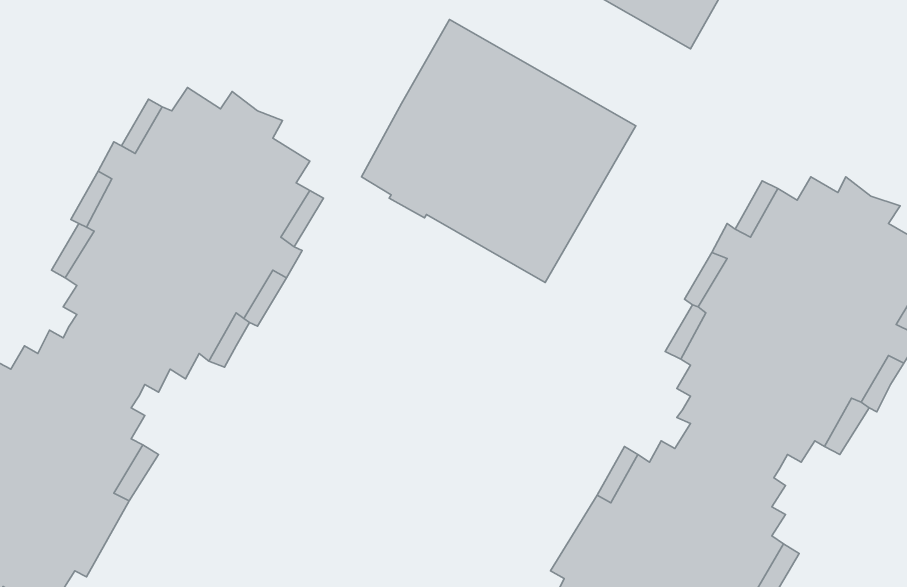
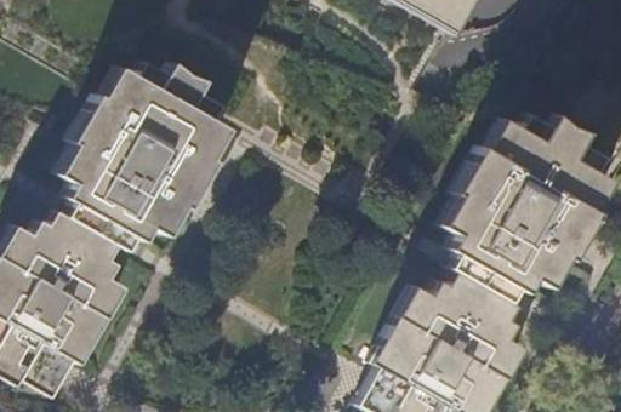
building: [361,19,636,283] -> none

